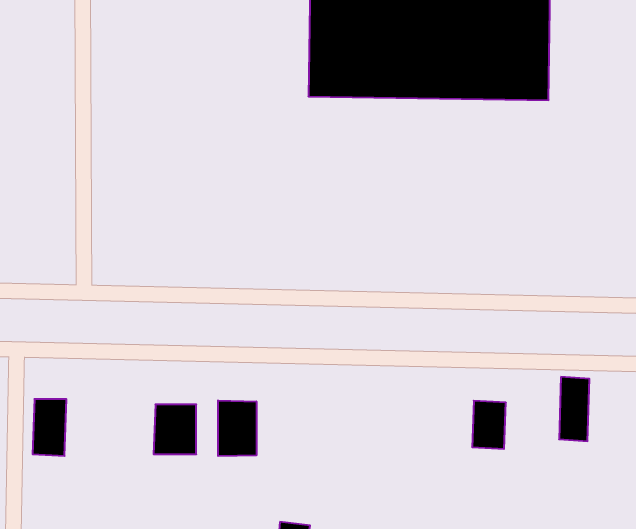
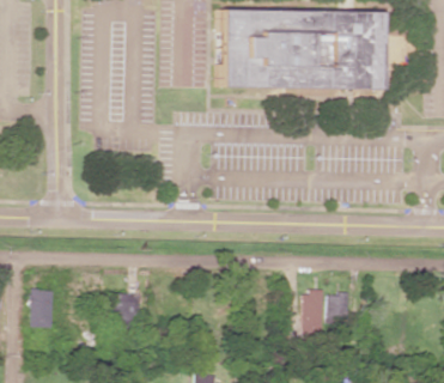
building: [559,377,589,441] -> [305,288,326,332]
building: [218,400,256,456] -> none

